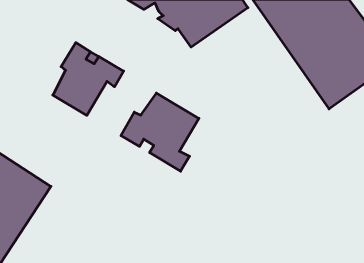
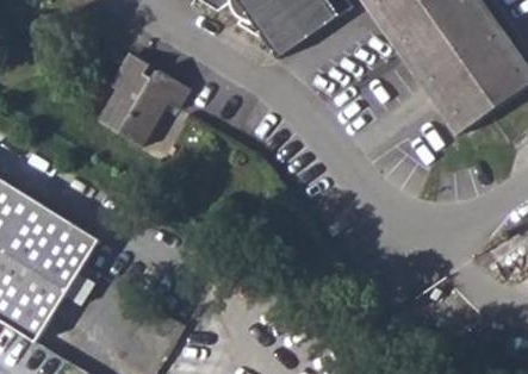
building: [121,93,199,171] -> none

